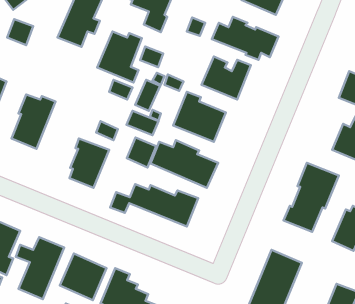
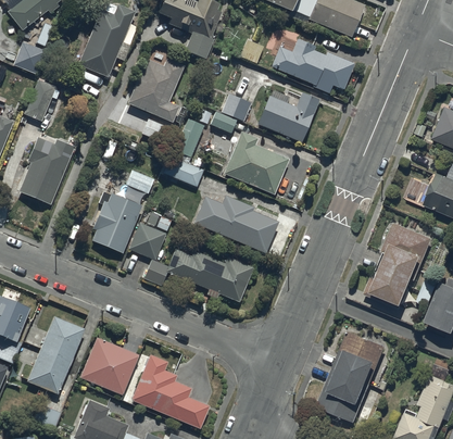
building: [140,46,163,67] -> [222,95,251,121]
building: none -> [25,76,56,120]
building: [127,137,156,168] -> [129,222,166,260]

